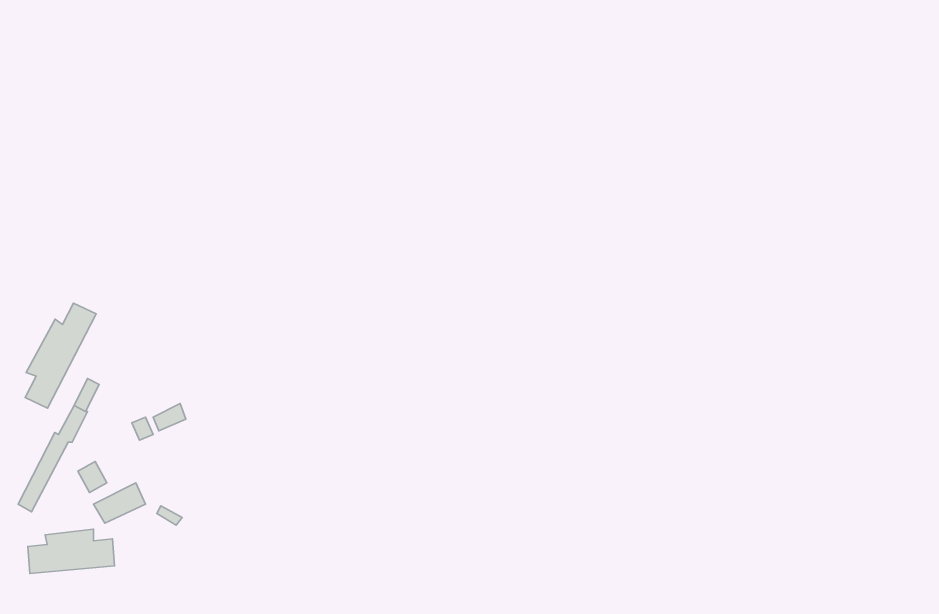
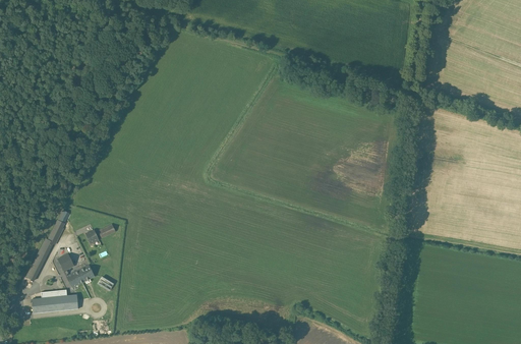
building: [25,303,96,408] -> none

